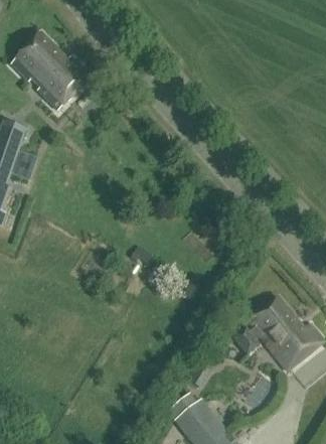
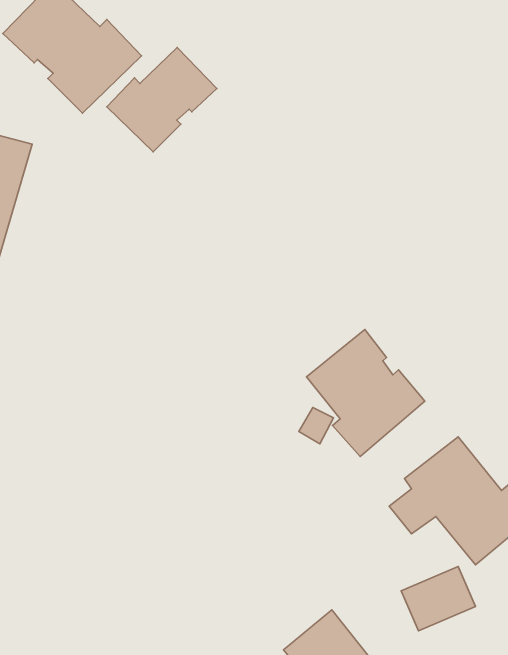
building: none -> [107,47,217,152]
building: none -> [307,330,425,456]

